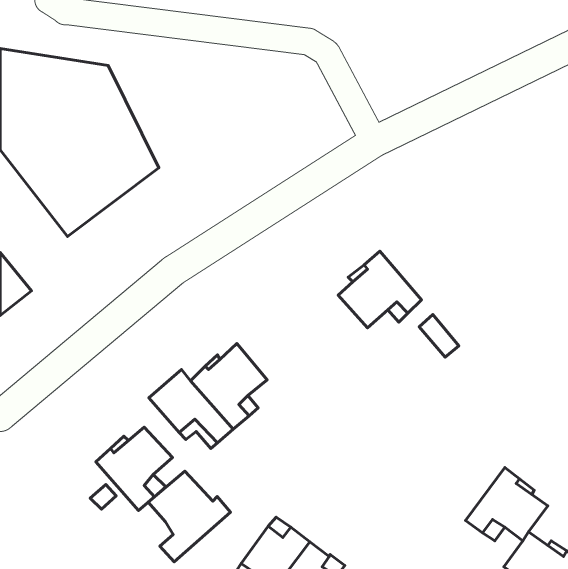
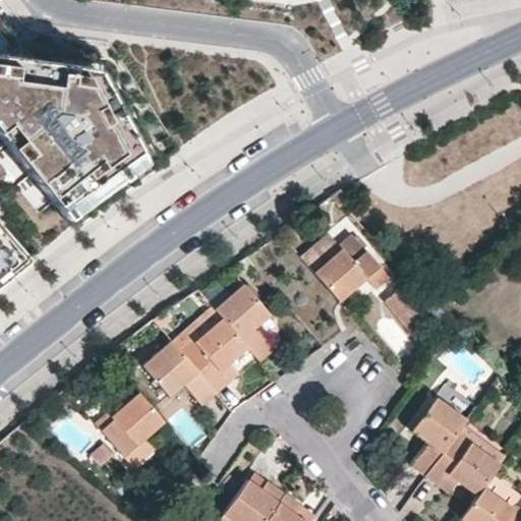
building: none -> [214,283,275,362]
building: none -> [412,398,469,476]
building: [148,471,230,562] -> none

